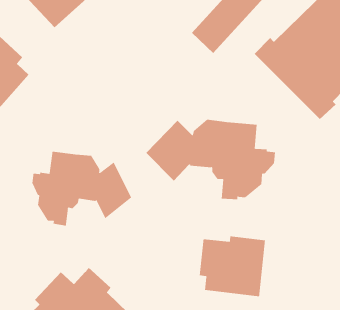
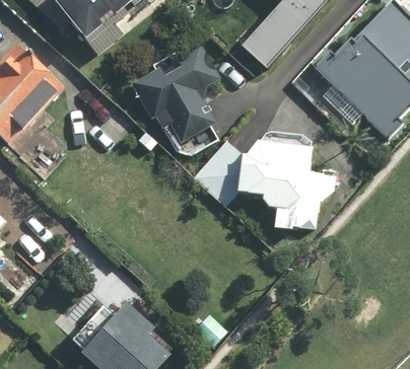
building: none -> [129,47,223,156]
building: [32,151,132,226] -> none
building: [199,236,266,297] -> none

